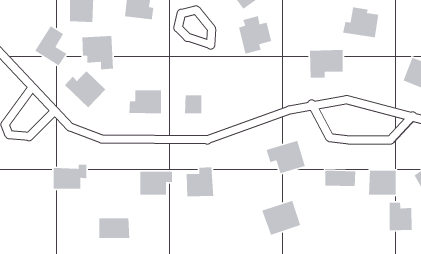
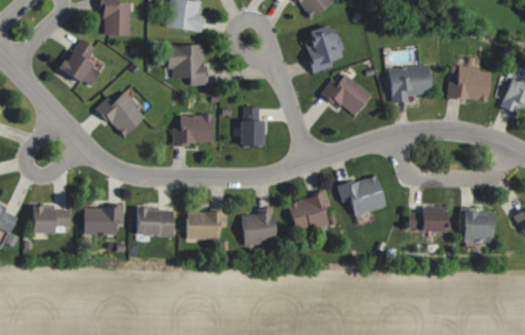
building: [342,7,379,38] -> [447,64,491,101]
building: [81,35,114,70] -> [167,43,206,85]
building: none -> [322,72,371,116]
building: none -> [31,207,69,233]
building: [261,200,301,236] -> [287,191,335,234]
building: [389,202,413,231] -> none
building: [98,217,130,239] -> [136,209,174,235]

